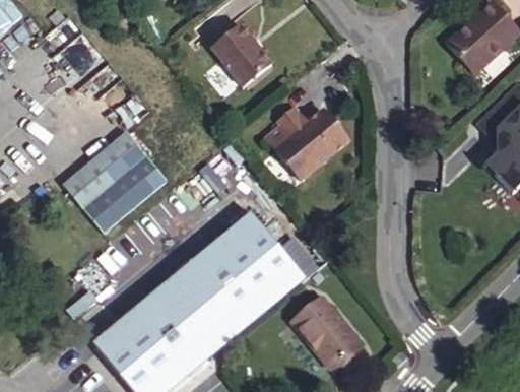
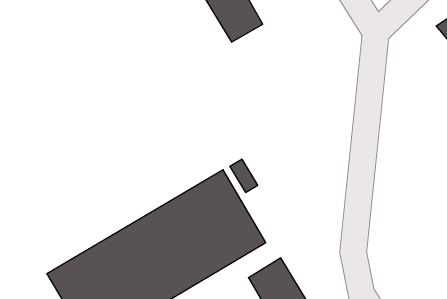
building: [265,107,348,181] -> none
building: [64,131,168,232] -> none

